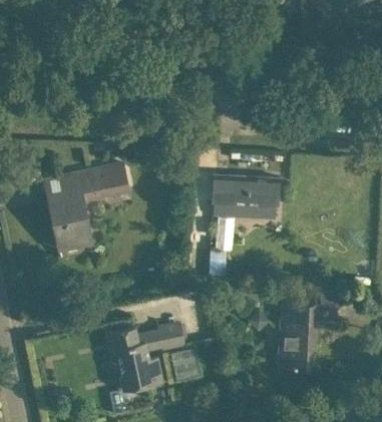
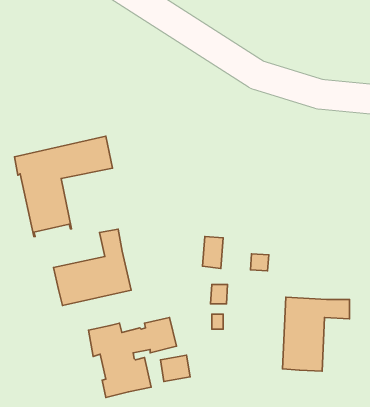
building: [211,176,280,226] -> none
building: none -> [54,229,131,306]

